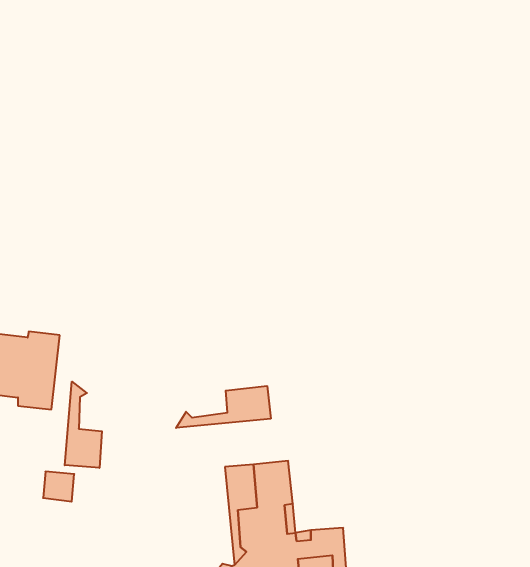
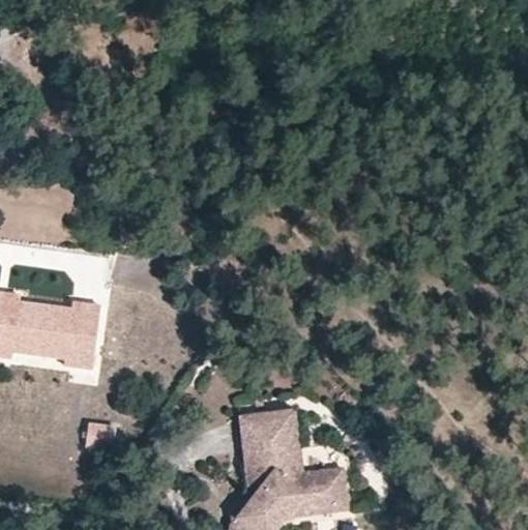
building: [65,382,102,468] -> none
building: [176,386,271,428] -> none

